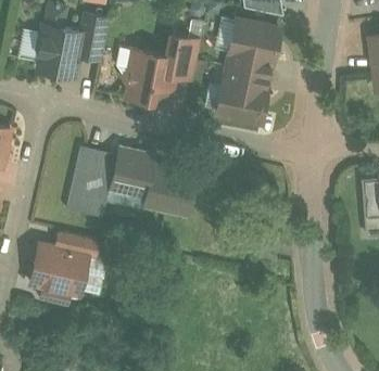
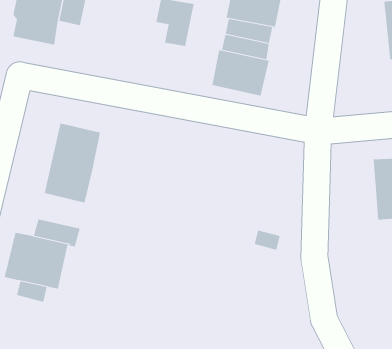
building: [122,51,176,104] -> none
building: [109,146,197,218] -> none

